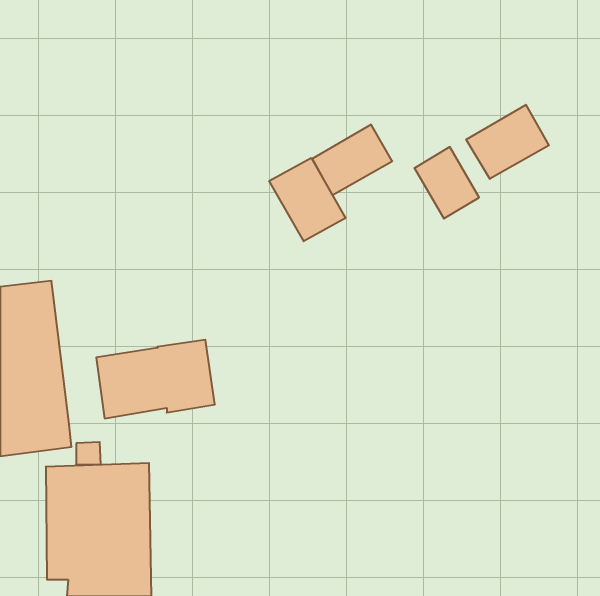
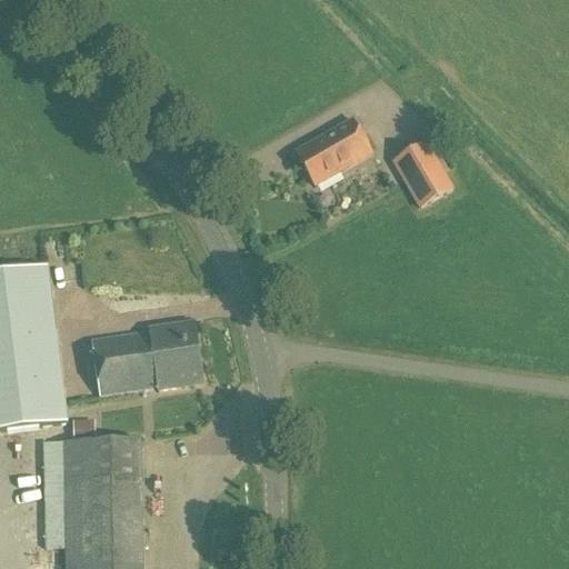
building: [466,105,549,179] -> none
building: [269,158,345,241] -> none

